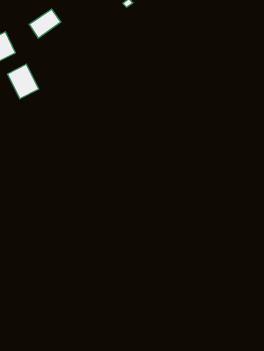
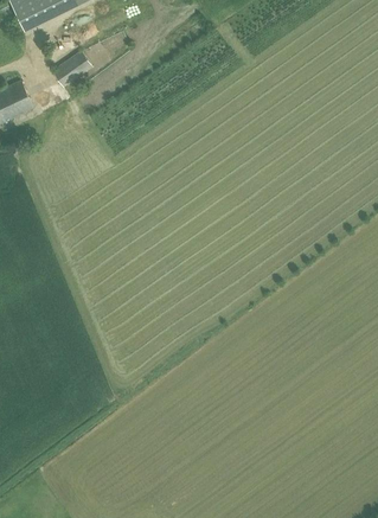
building: [7,64,39,99] -> none

